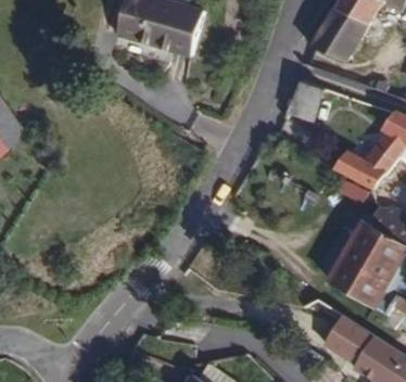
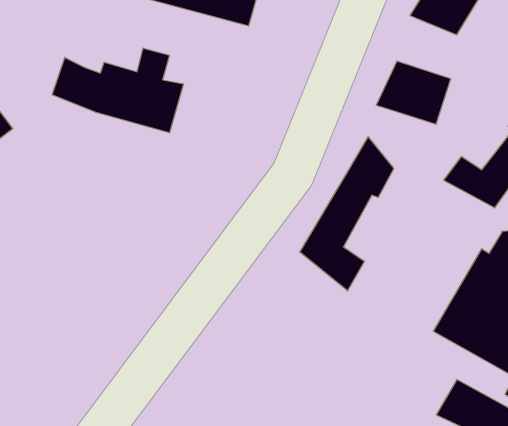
building: none -> [52,48,183,133]
building: none -> [300,137,394,291]

